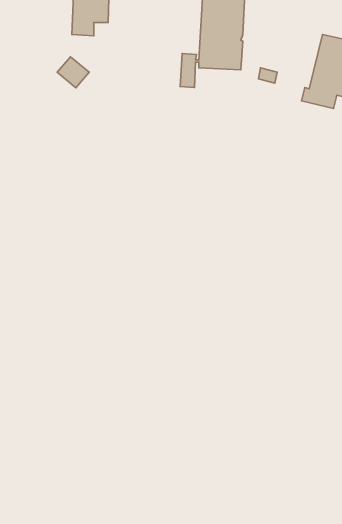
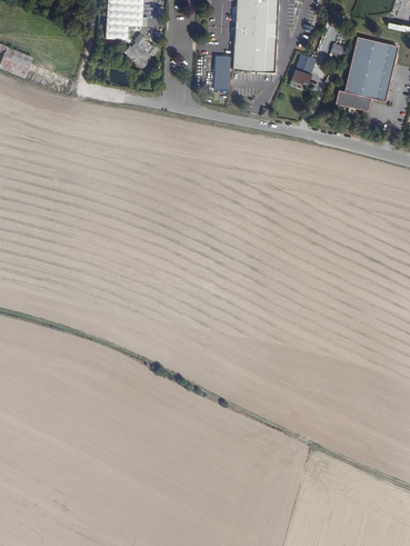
building: [57,57,89,88] -> [127,33,159,64]

